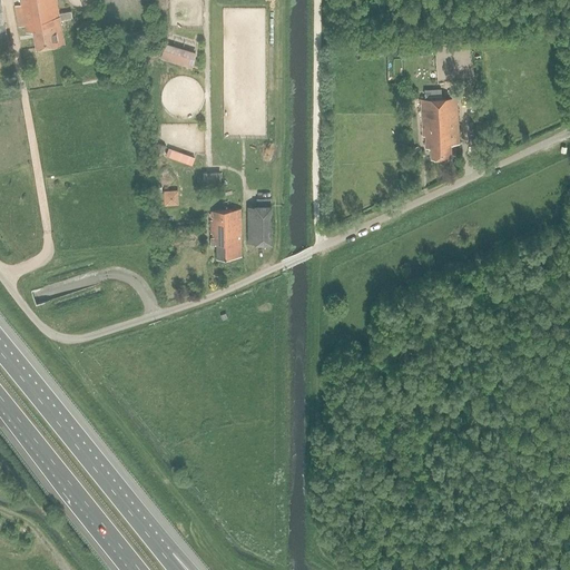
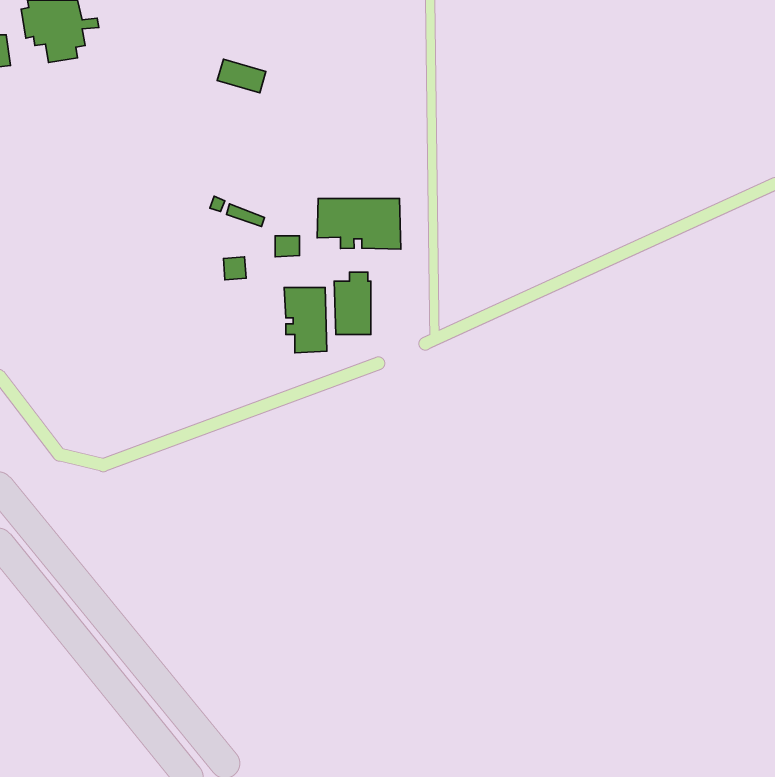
building: [420,97,459,158] -> none
building: none -> [317,198,401,249]

